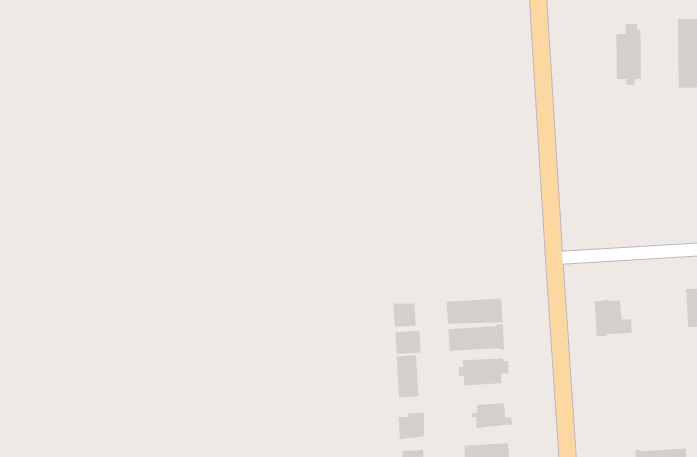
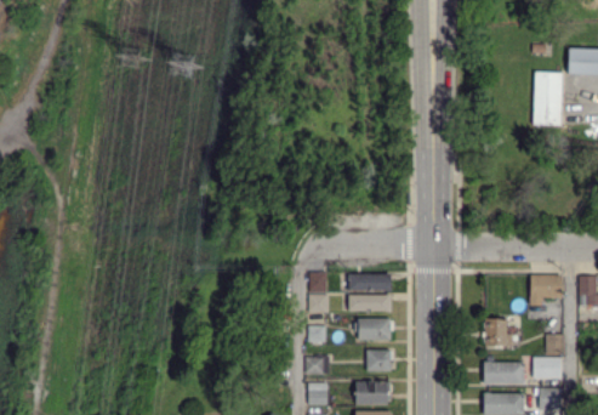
building: [616,23,641,86] -> none
building: [594,299,633,337] -> [485,318,513,346]
building: none -> [485,363,526,385]

